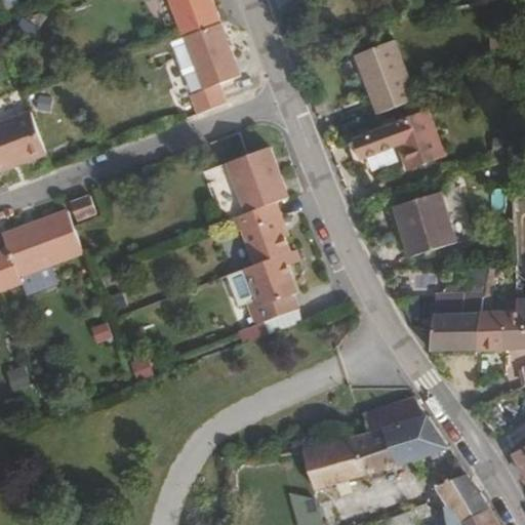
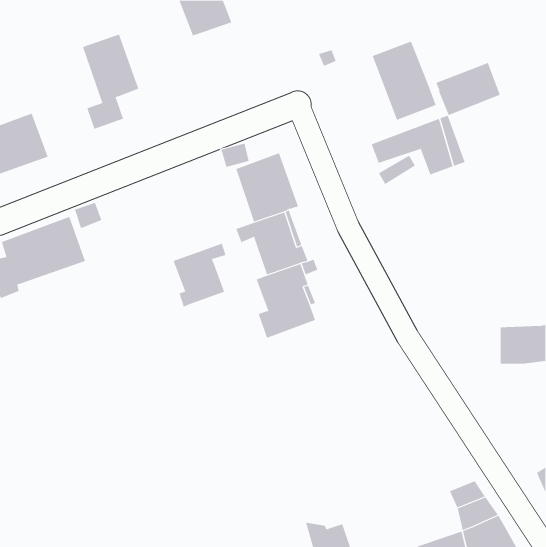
building: [186,24,240,115] -> [82,34,139,130]
building: none -> [436,62,501,116]
building: [393,193,453,256] -> none
building: none -> [173,243,226,308]
building: [429,294,477,351] -> none
building: [301,399,445,492] -> none

